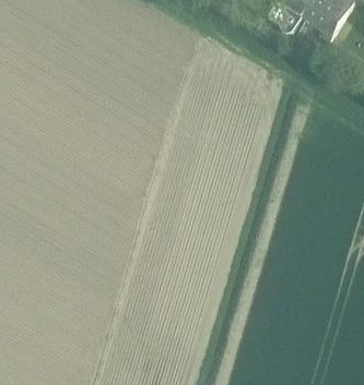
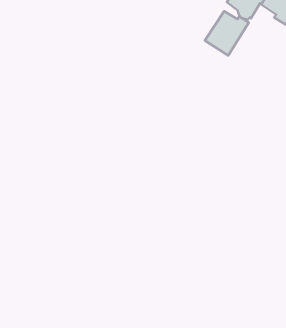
building: none -> [205,11,249,55]

